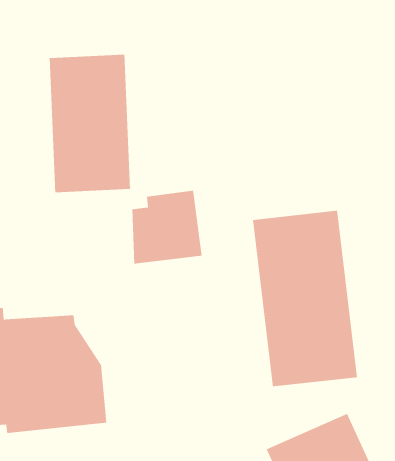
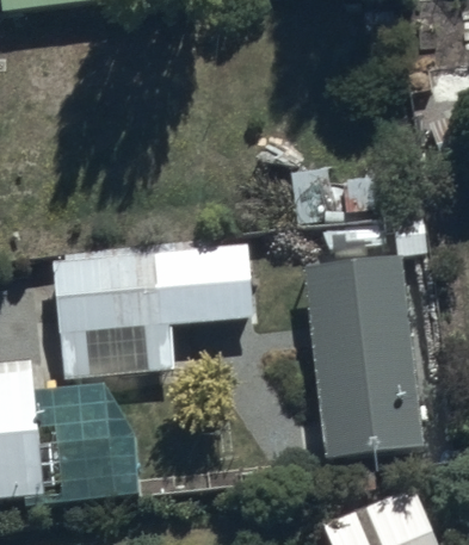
building: [49,54,130,193] -> none
building: none -> [51,255,168,371]

